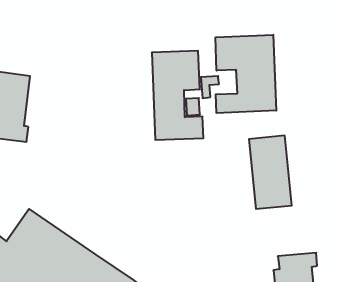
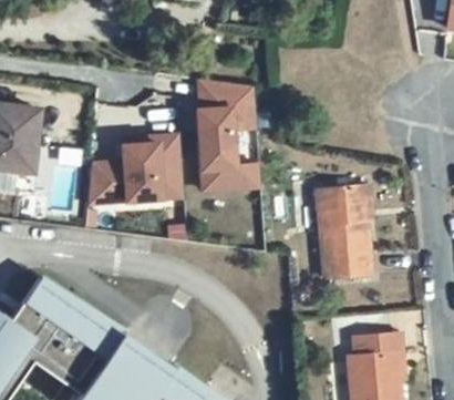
building: [216,35,276,113] -> none
building: none -> [87,133,183,204]

